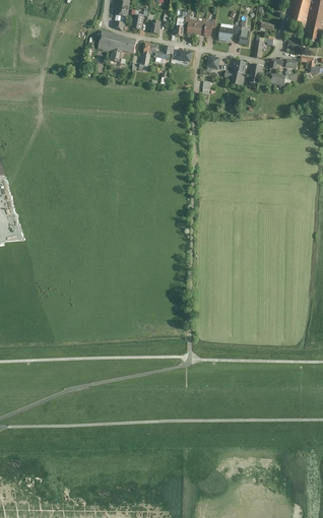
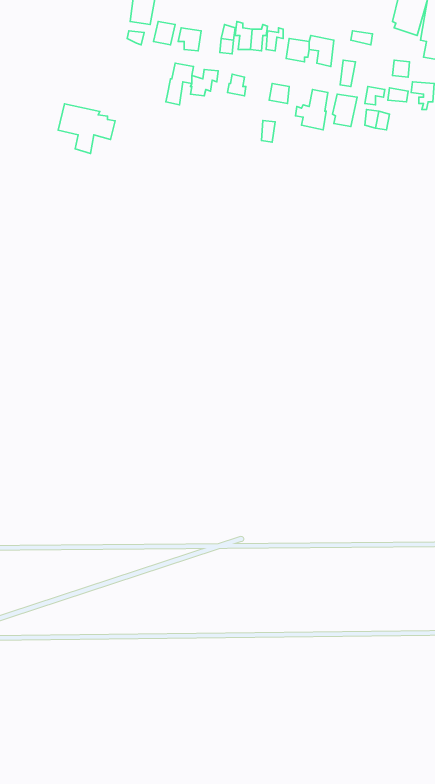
building: [99,29,136,62] -> [58,104,115,153]

